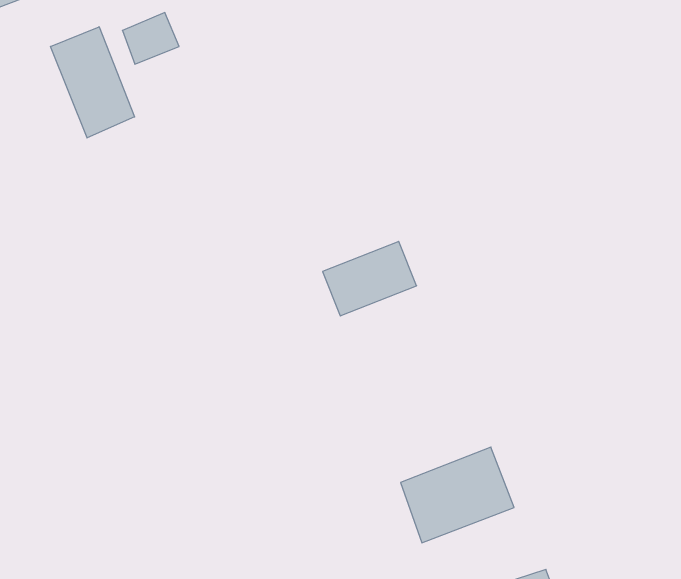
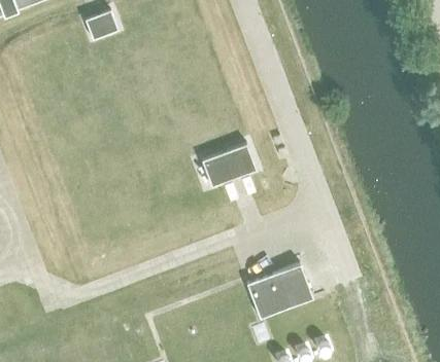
building: [51,27,135,138] -> none

